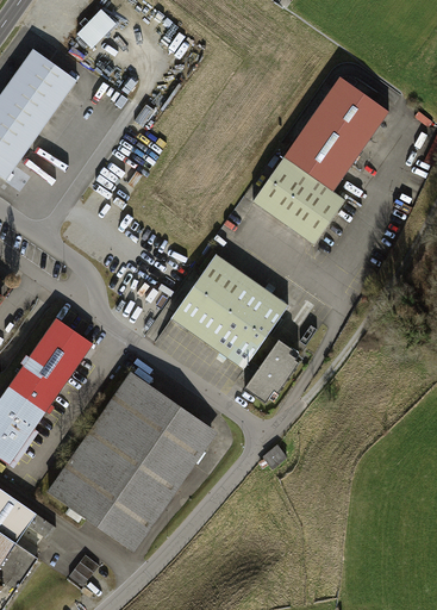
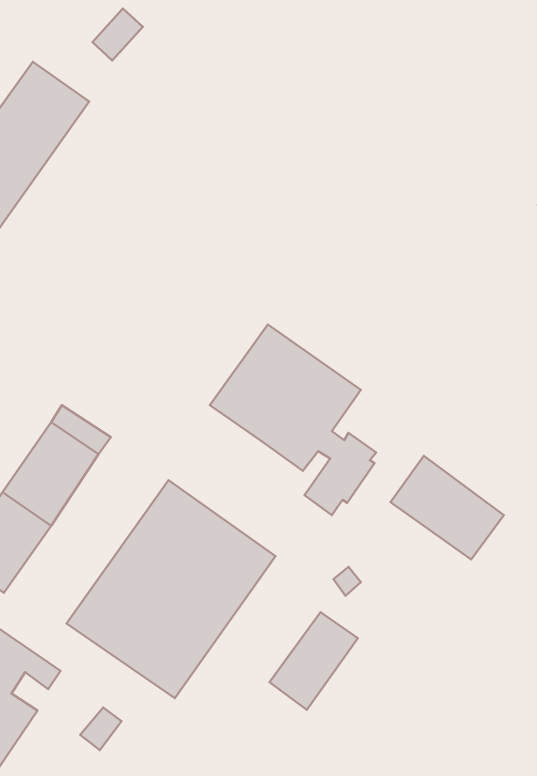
building: [251,77,387,244] -> none
building: none -> [391,456,504,560]
building: none -> [269,612,358,710]

